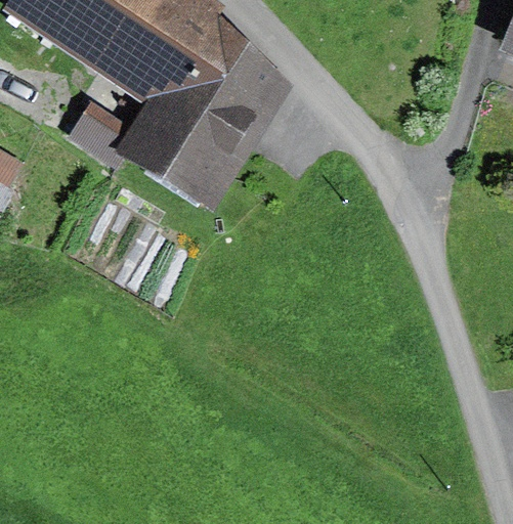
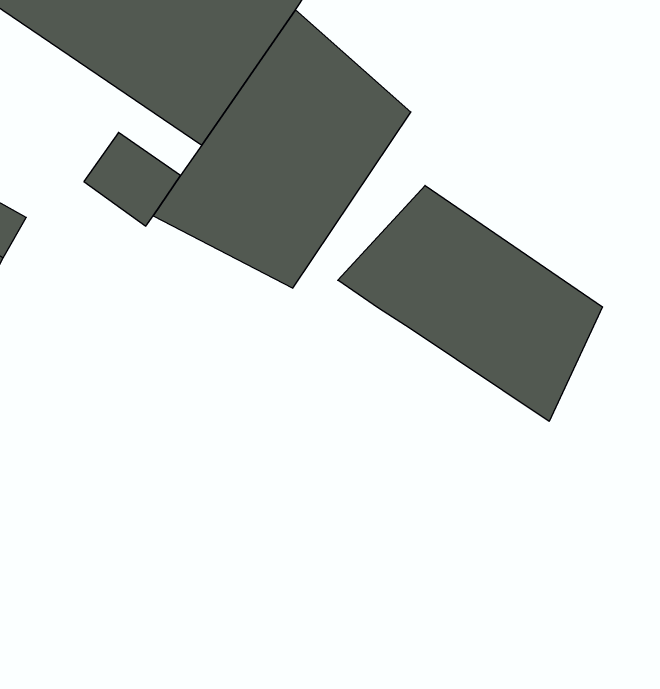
building: none -> [338,185,602,421]

